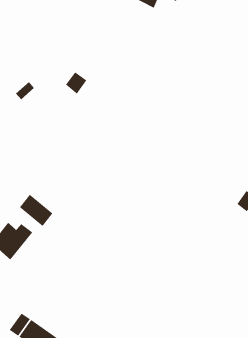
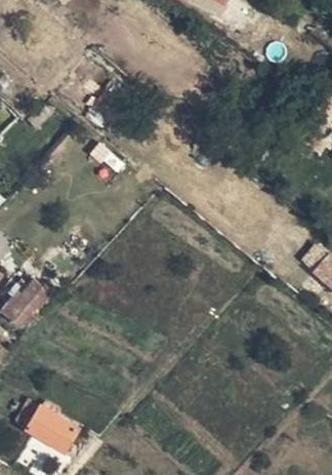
building: [19,194,53,227] -> none

